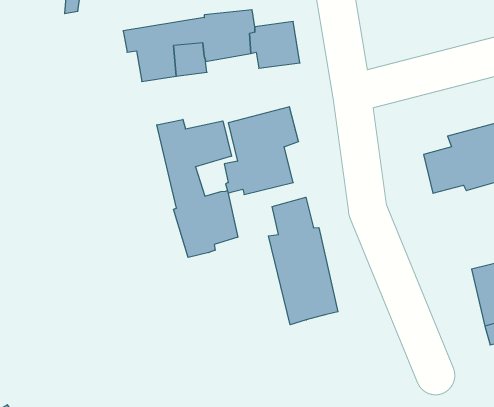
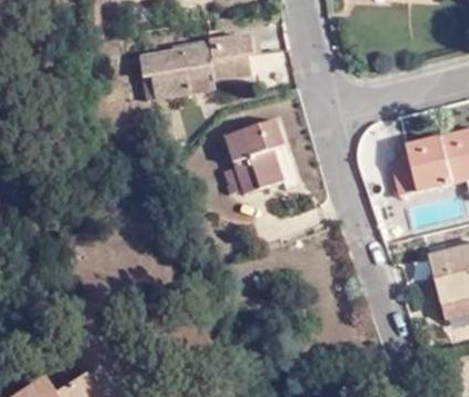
building: [157,119,238,257] -> none
building: [268,197,338,325] -> none

